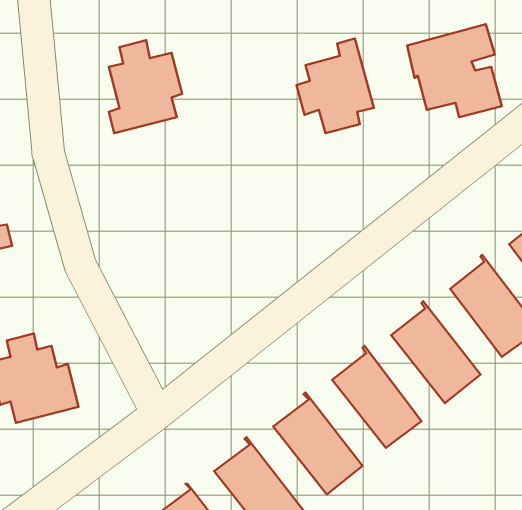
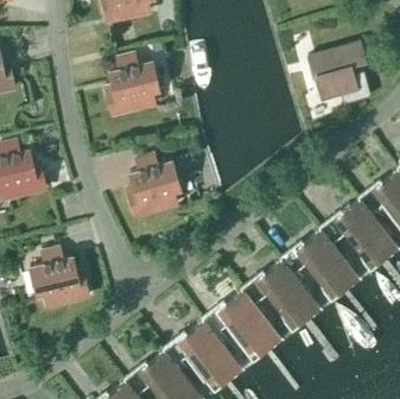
building: [297,39,374,133] -> none
building: none -> [131,156,179,217]

